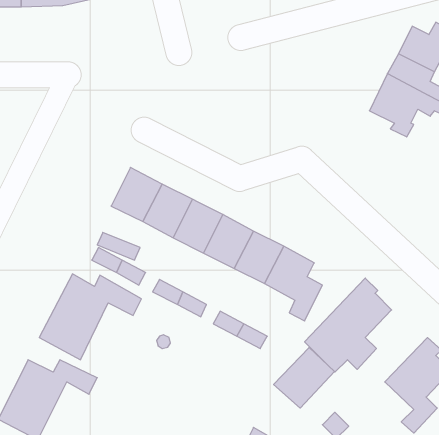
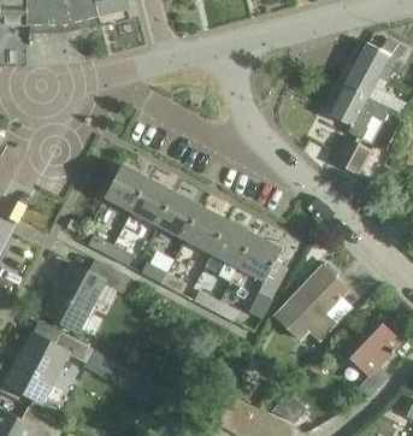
building: none -> [332,136,371,175]
building: [274,347,334,408] -> none

